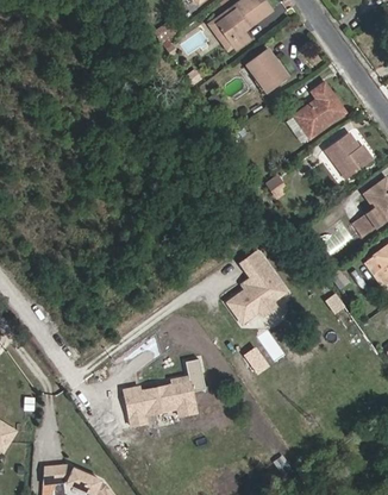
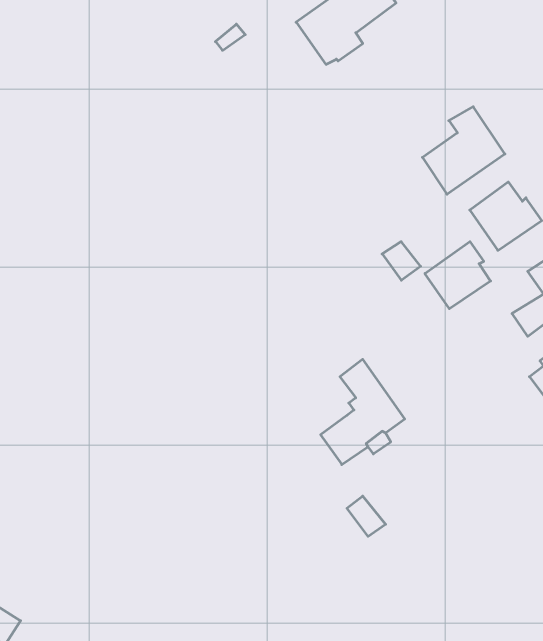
building: [245,49,289,94] -> none
building: none -> [425,242,491,309]
building: [123,358,211,427] -> none

